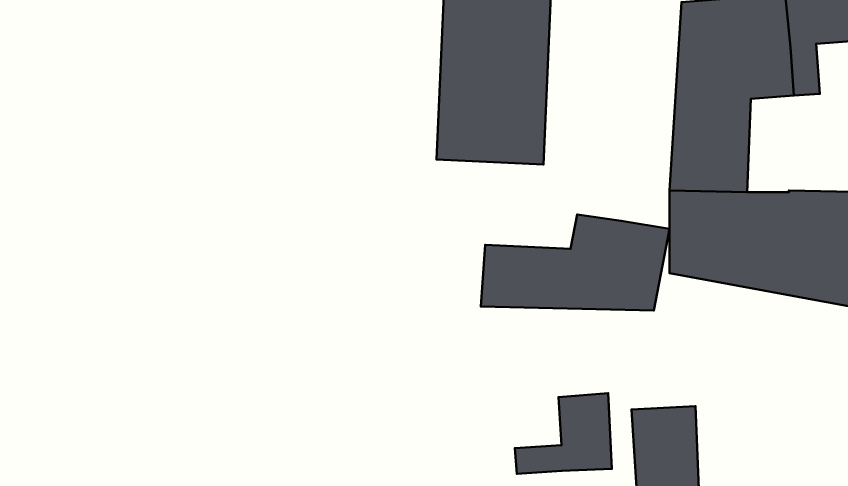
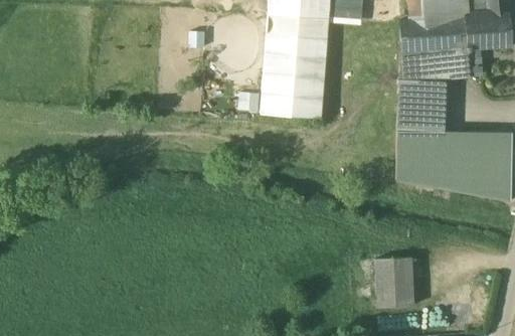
building: [481,215,670,310] -> none
building: [515,393,612,474] -> none

